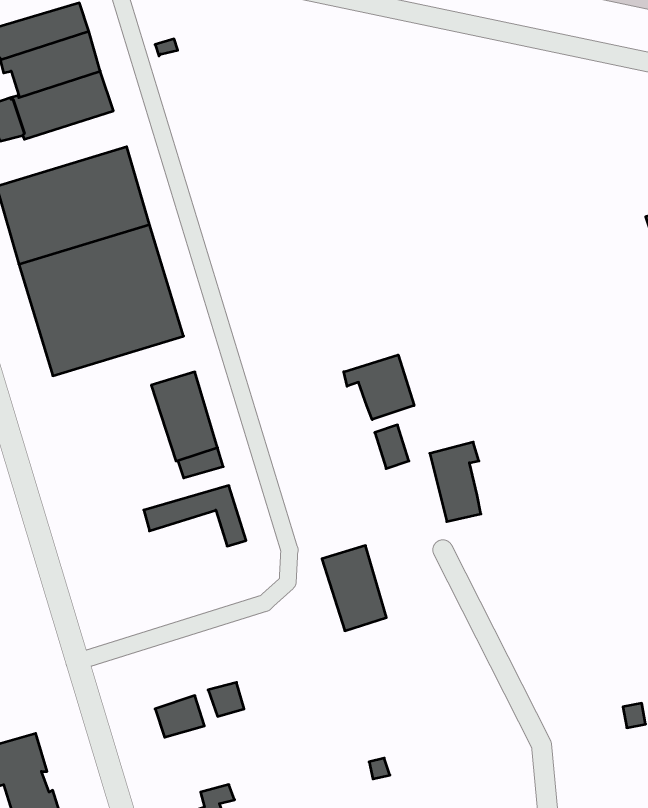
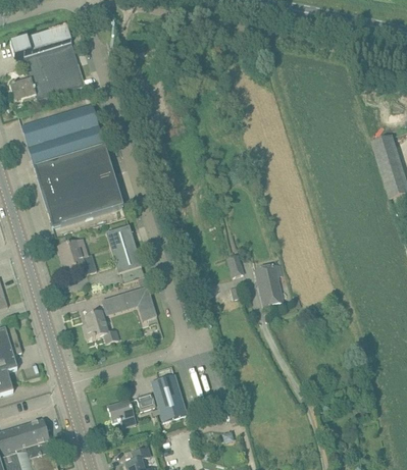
building: [344,355,414,420] -> none
building: none -> [58,241,97,273]
building: none -> [84,311,118,343]
building: [322,546,386,631] -> [151,375,186,421]

